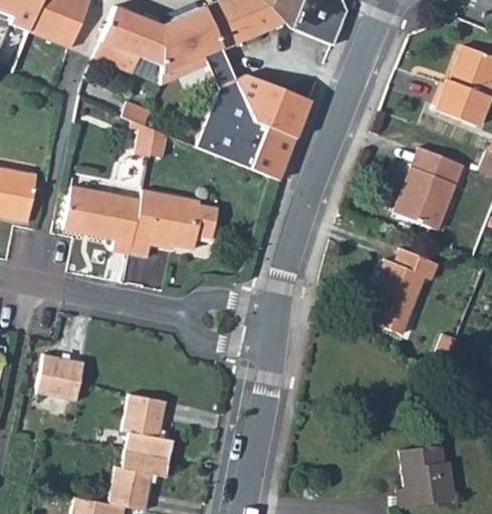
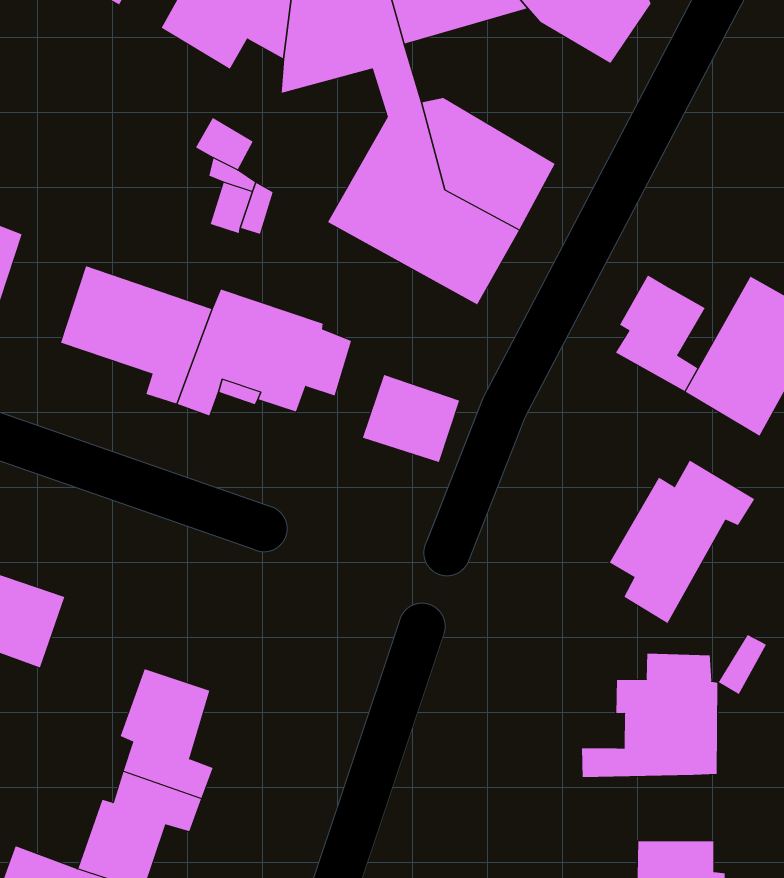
building: none -> [615,274,705,392]
building: none -> [362,374,460,463]
building: none -> [582,653,718,778]

